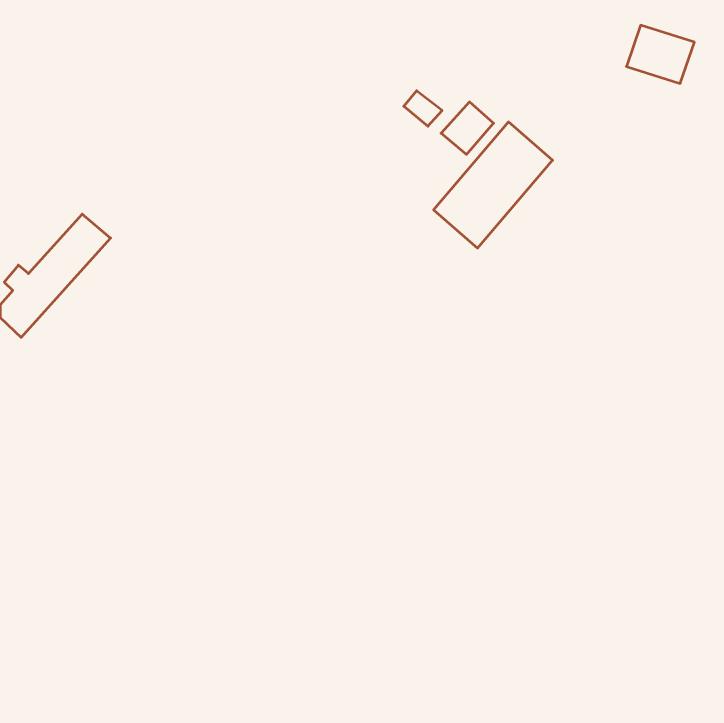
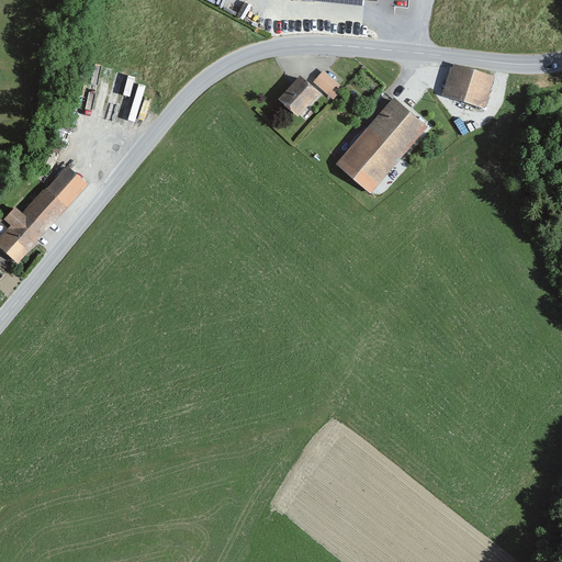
building: [626,25,694,83] -> [441,64,494,109]
building: [441,102,494,154] -> [277,75,317,115]

